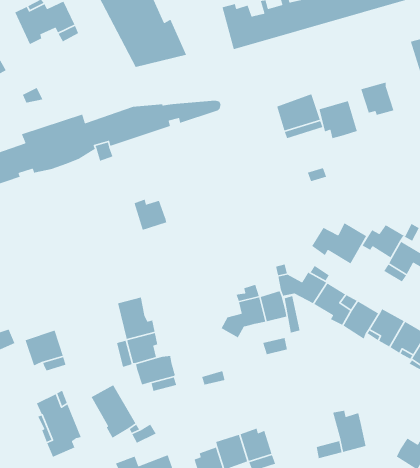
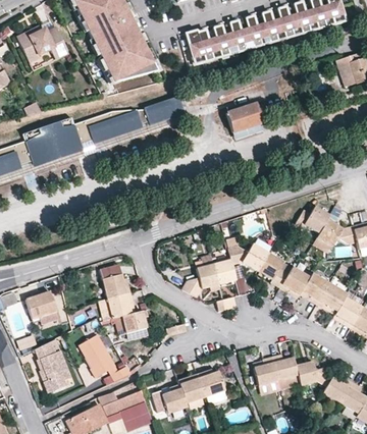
building: [360,81,395,116] -> none
building: [319,100,358,139] -> none
building: [134,199,167,231] -> none
building: [311,222,367,265] -> none
building: none -> [254,357,278,384]
building: none -> [296,361,335,386]

